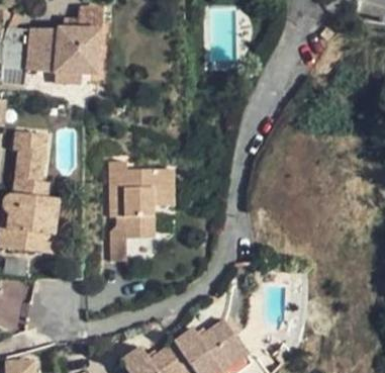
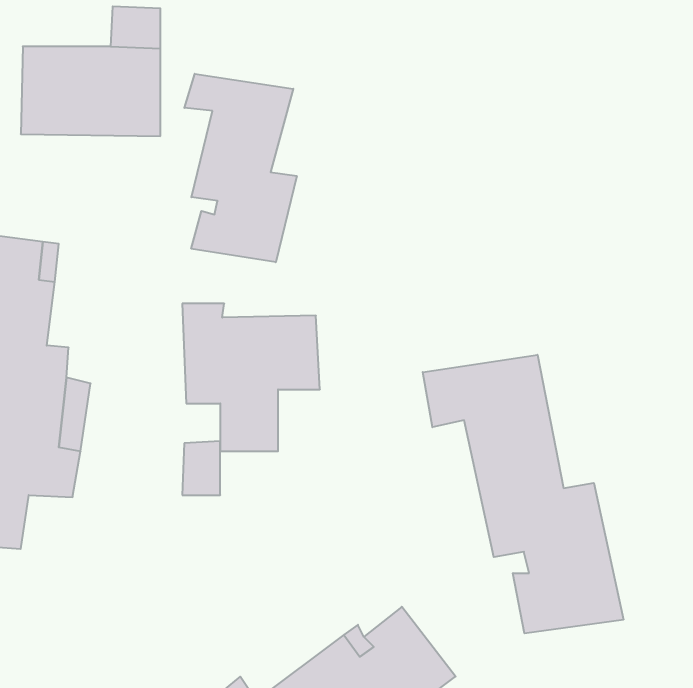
building: none -> [184,74,297,262]
building: none -> [423,355,623,633]

